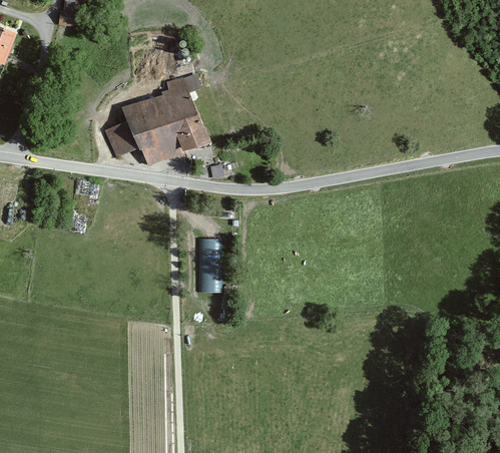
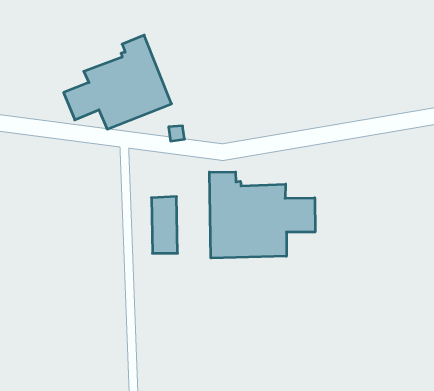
building: none -> [209,172,315,258]

